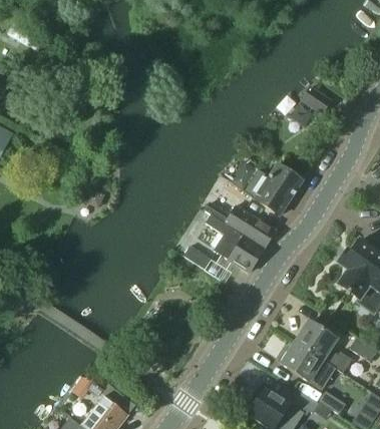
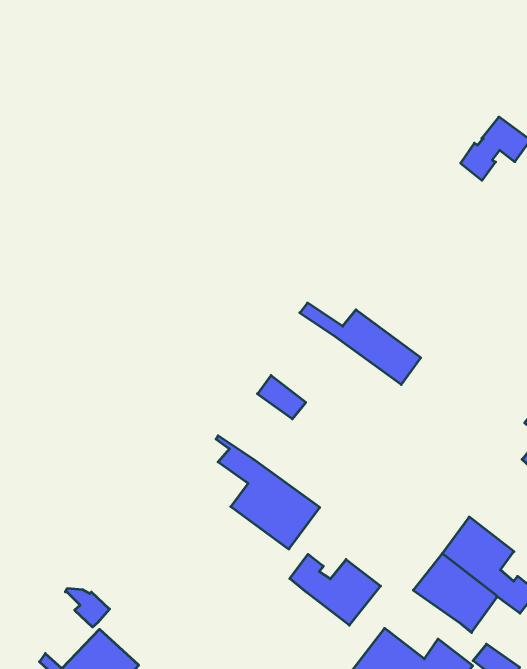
building: [246,165,302,216] -> none
building: [204,208,266,271] -> [216,436,320,549]
building: none -> [290,554,381,625]

